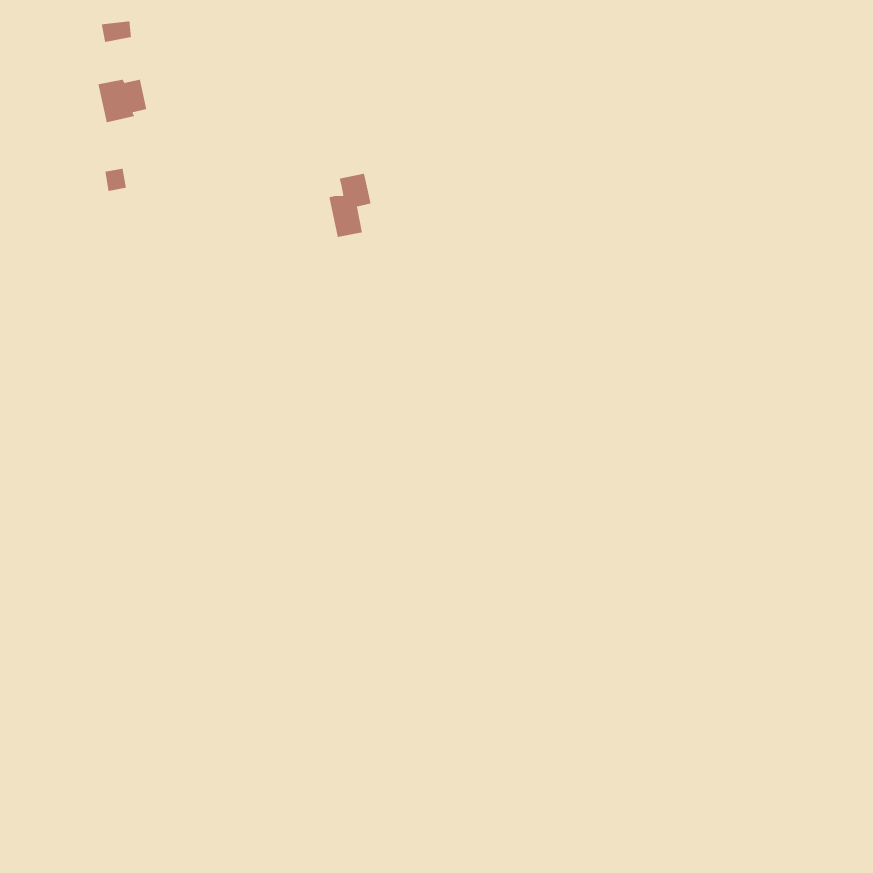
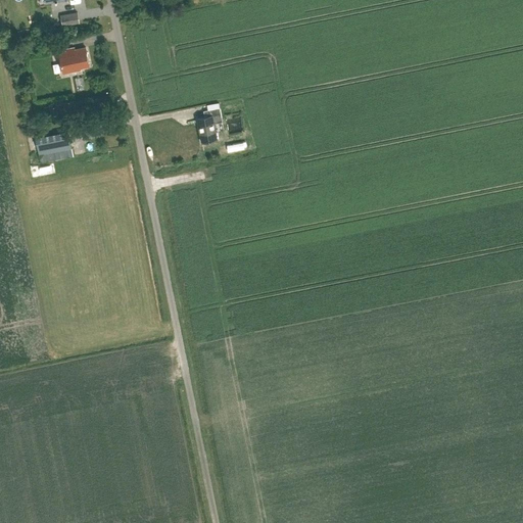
building: none -> [35,133,70,156]

